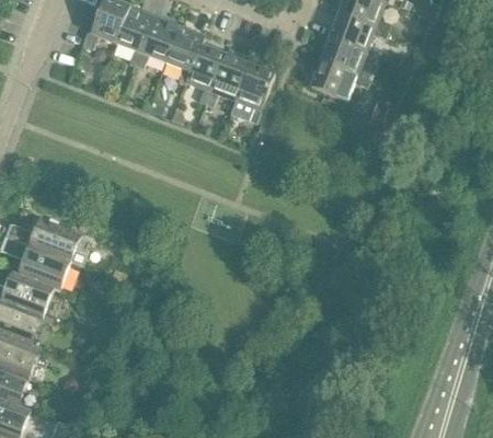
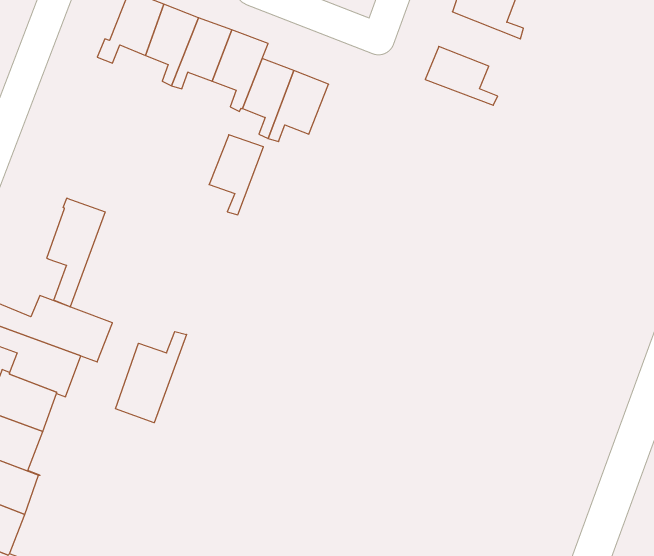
building: [328,10,387,49] -> none
building: [308,59,367,99] -> none
building: [233,62,273,120] -> [209,135,263,215]
building: none -> [47,198,105,307]
building: none -> [116,332,187,423]

